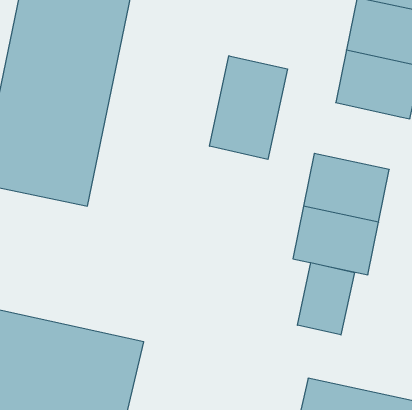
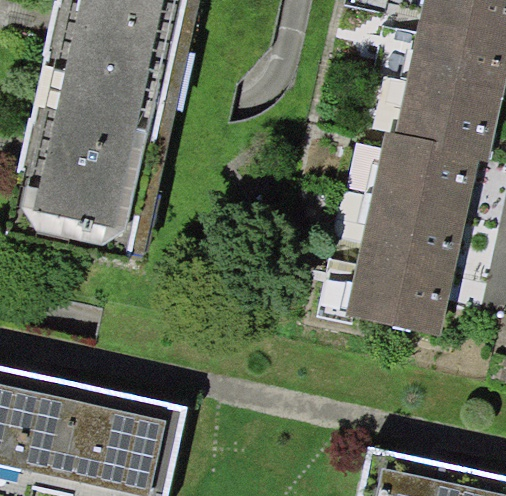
building: [210,56,287,159] -> none
building: none -> [379,137,475,214]
building: [297,263,354,335] -> none

